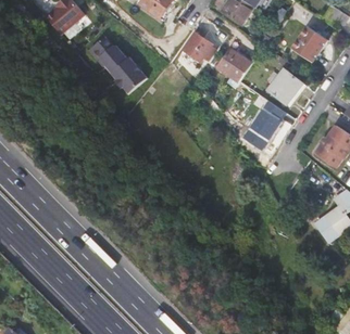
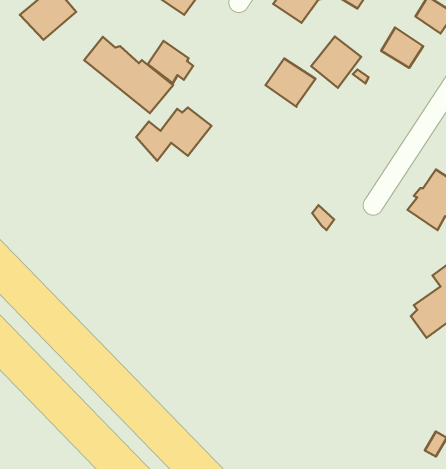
building: [184,33,215,62] -> [148,41,193,83]
building: [267,67,302,103] -> [311,36,361,88]
building: none -> [136,108,212,161]
building: [246,108,279,145] -> none

